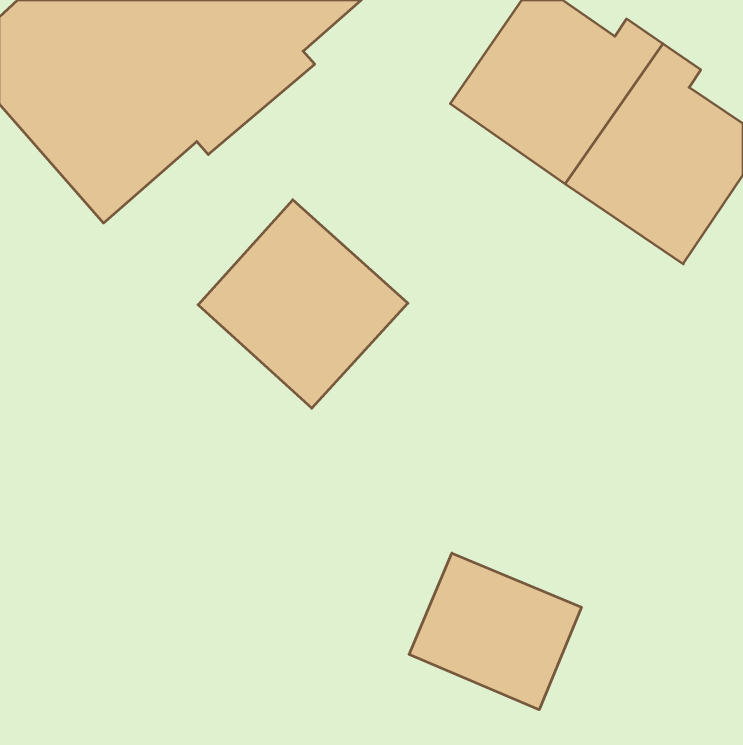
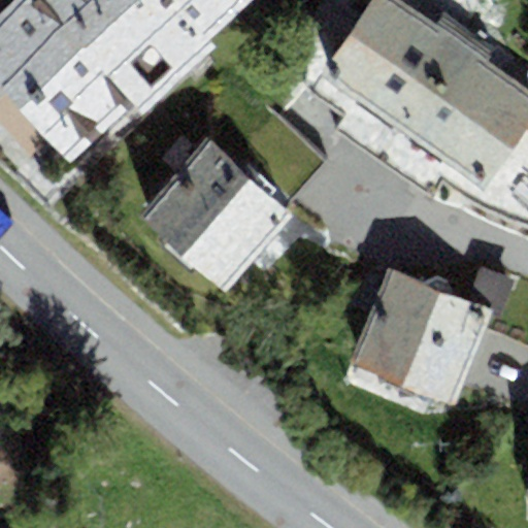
building: none -> [351,271,489,403]
building: [409,553,581,710] -> none

